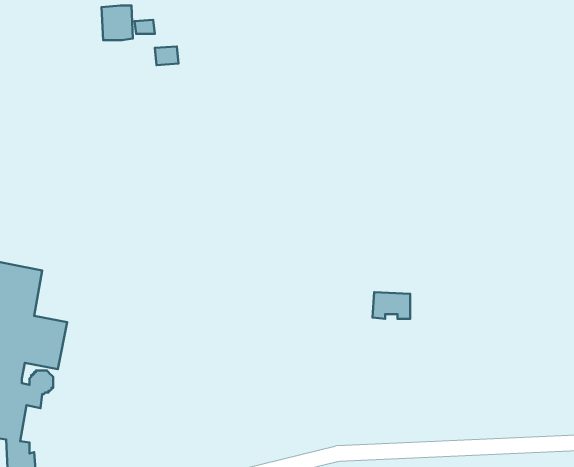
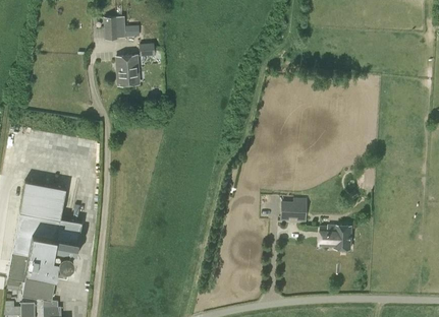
building: none -> [117,56,140,85]
building: none -> [320,226,351,250]

